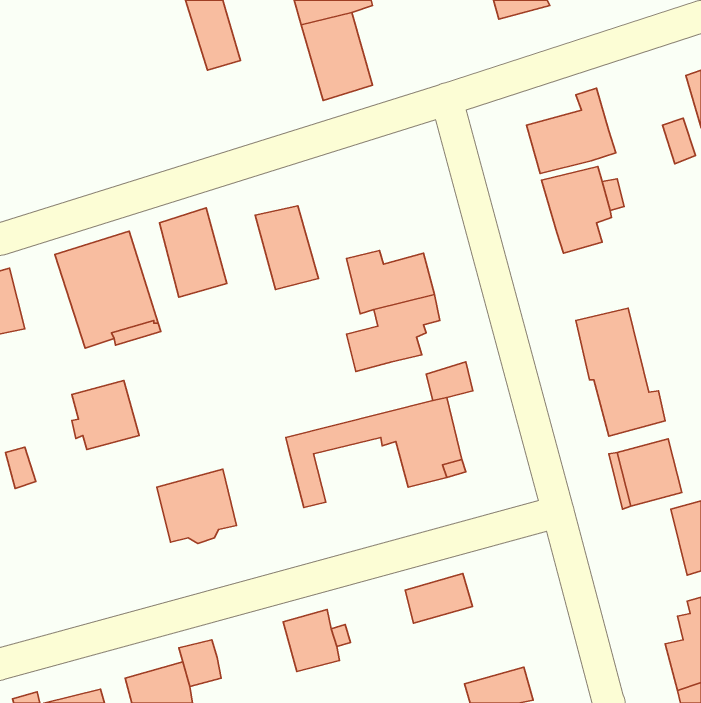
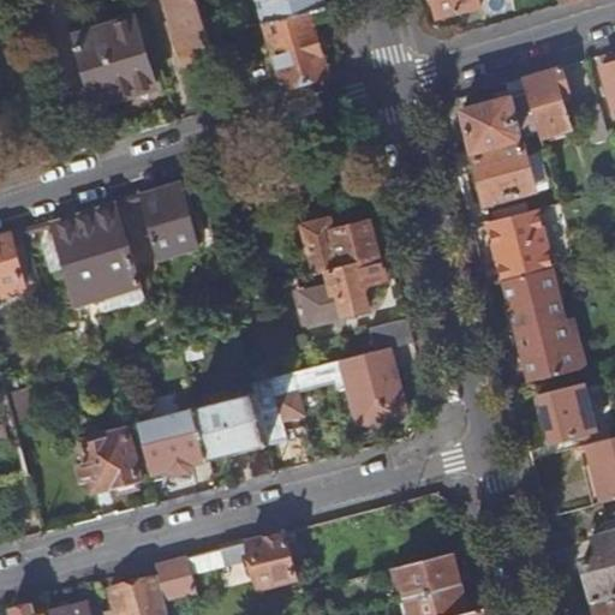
building: none -> [73,19,153,106]
building: none -> [521,66,569,138]
building: [255,206,318,289] -> none
building: none -> [488,210,549,280]
building: [72,381,139,449] -> [79,429,138,489]
building: none -> [195,392,265,459]
building: [405,573,472,623] -> [399,554,458,597]
building: none -> [185,543,255,574]

